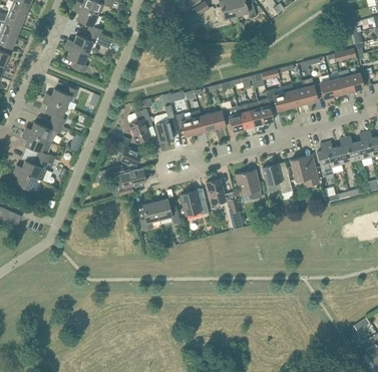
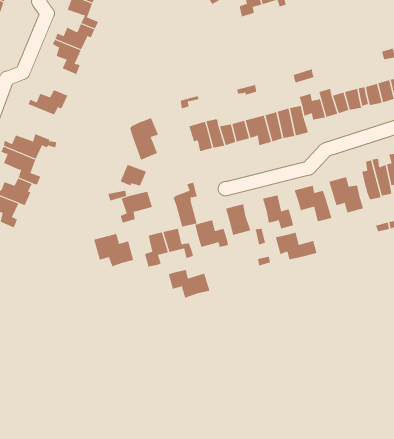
building: [42,97,66,126] -> none
building: [153,105,173,142] -> [173,182,198,227]
building: none -> [275,232,317,260]
building: none -> [93,233,134,267]
building: none -> [168,269,210,299]

